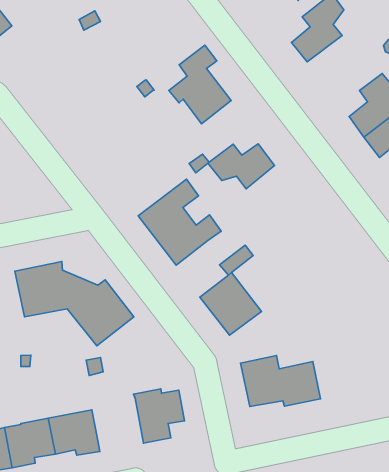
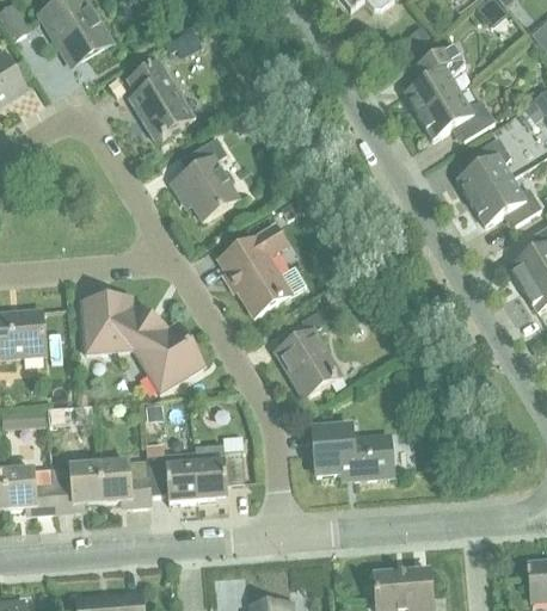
building: none -> [418,90,493,138]
building: none -> [127,60,192,138]
building: [169,45,231,124] -> [171,137,236,221]
building: [208,144,275,189] -> none
building: none -> [146,452,197,502]

